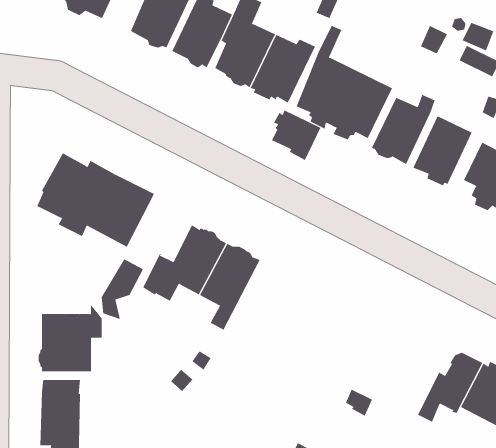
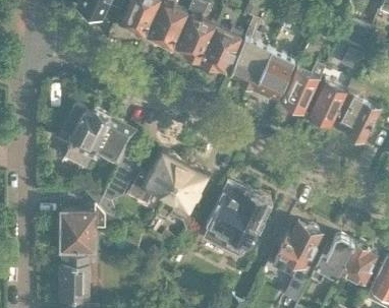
building: [271,110,321,161] -> none
building: none -> [204,187,266,255]
building: none -> [278,225,322,285]

